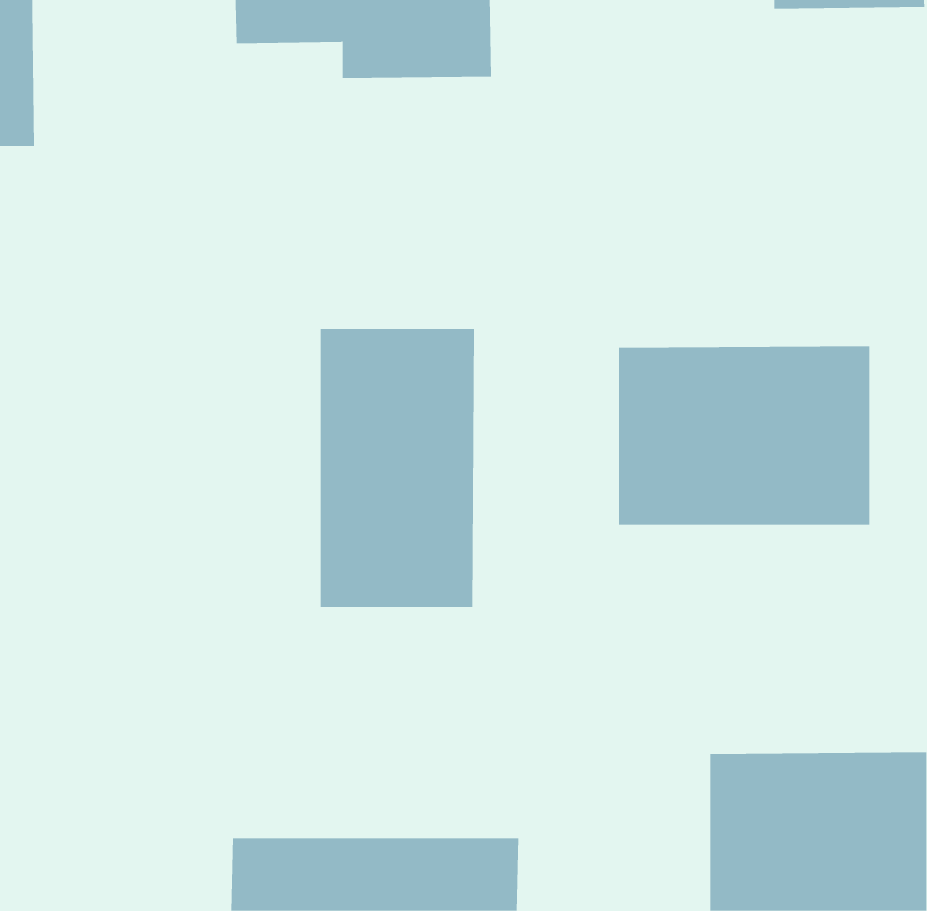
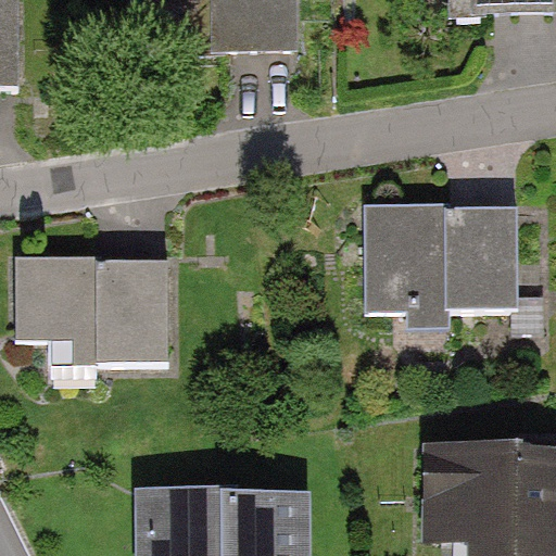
building: [320,328,474,608] -> none
building: none -> [16,258,167,365]

